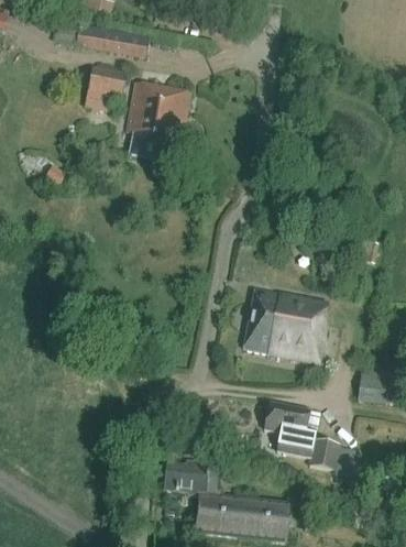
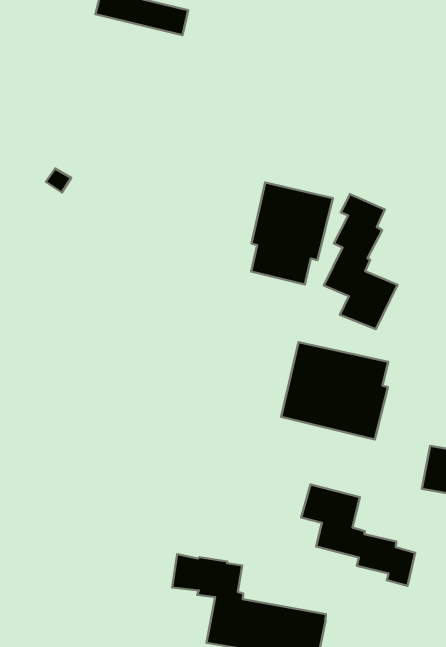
building: [88,65,125,97] -> none
building: [127,80,188,158] -> [251,183,333,285]
building: none -> [324,194,398,329]

